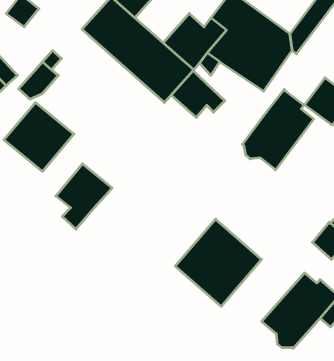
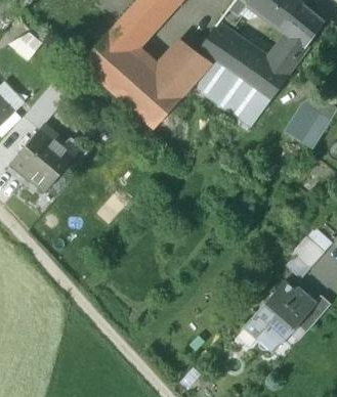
building: [171,71,225,118] -> none
building: [242,89,314,170] -> none
building: [56,164,112,229] -> none
building: [175,219,262,306] -> none

